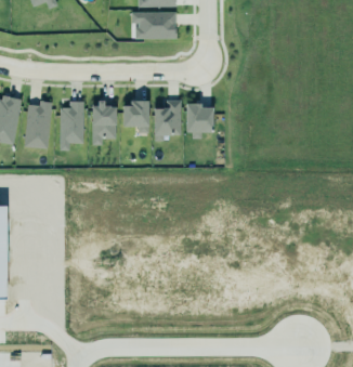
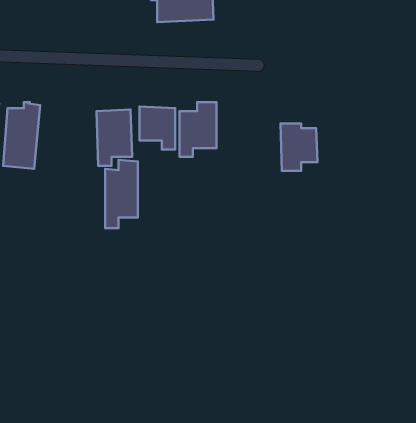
building: [60,101,83,150] -> [105,160,138,228]
building: [186,104,213,139] -> [281,124,318,171]

